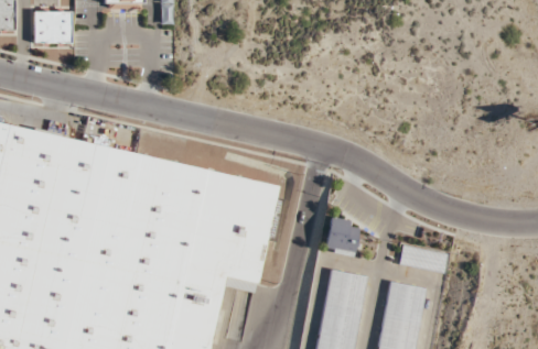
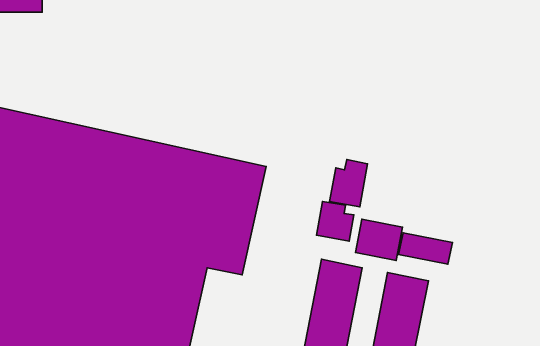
building: none -> [330,159,368,207]
building: none -> [355,219,403,261]

